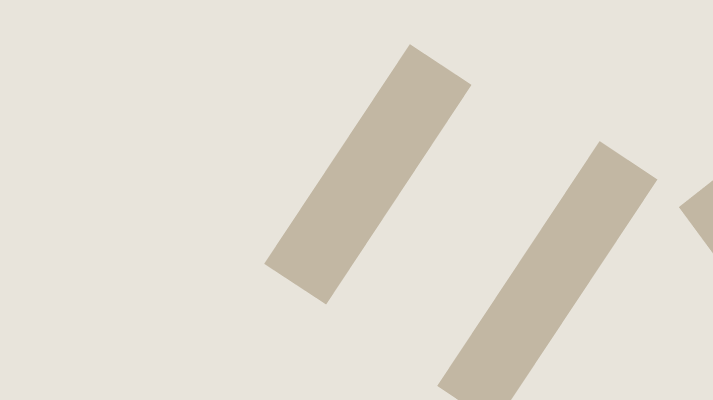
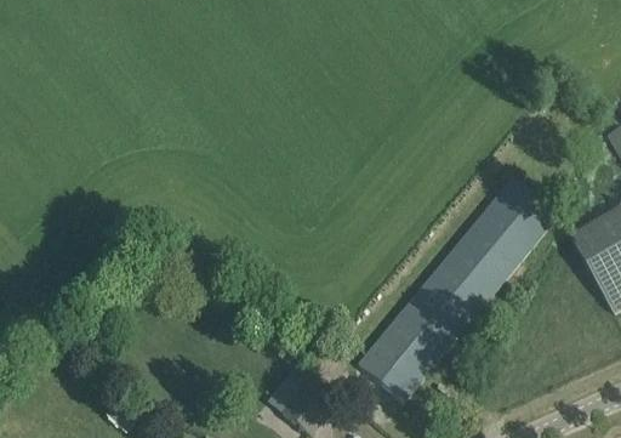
building: [263,43,473,305] -> none

